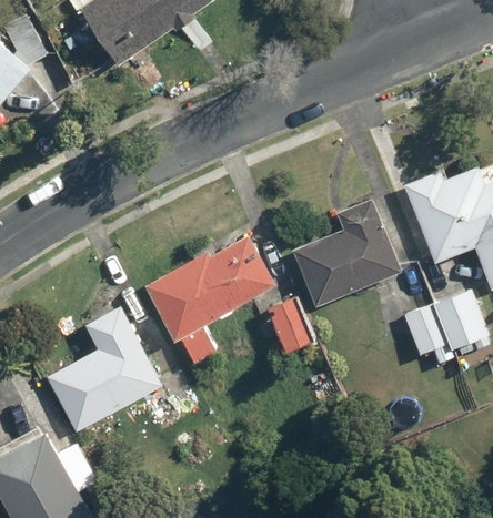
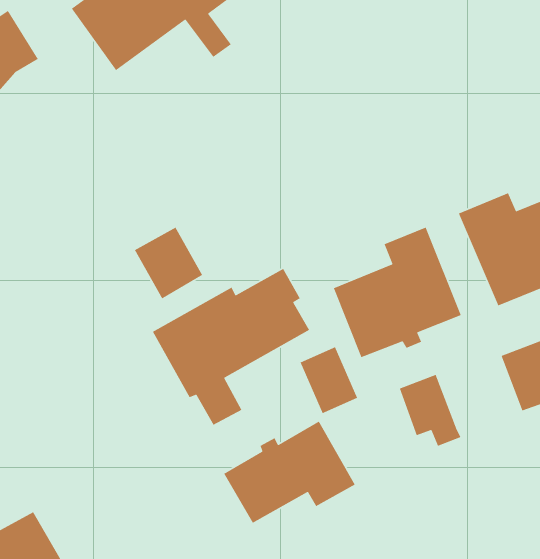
building: none -> [134,226,203,299]
building: [403,304,455,365] -> [399,374,461,447]
building: [44,305,164,431] -> none
building: none -> [223,421,356,524]

